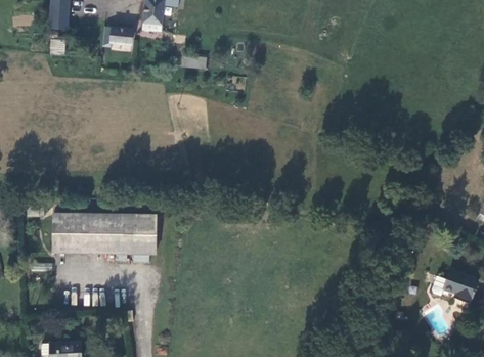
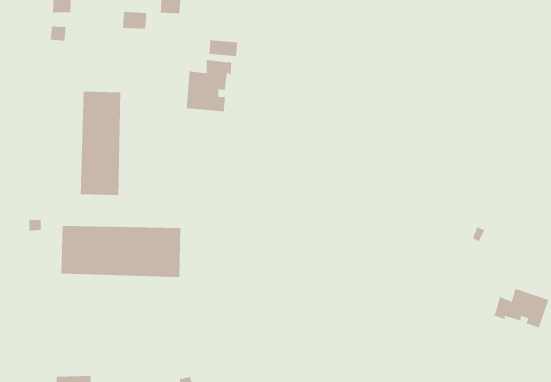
building: none -> [186,59,234,112]
building: none -> [80,91,121,196]

